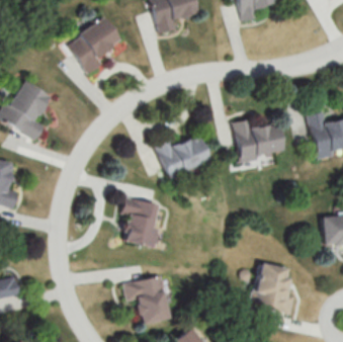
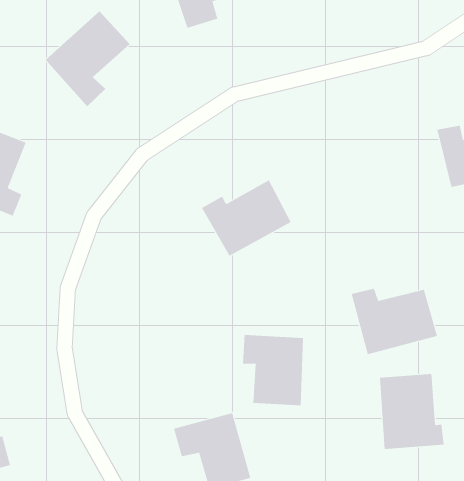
building: [234,119,285,161] -> [351,288,438,355]
building: [121,198,162,247] -> [242,335,304,406]

